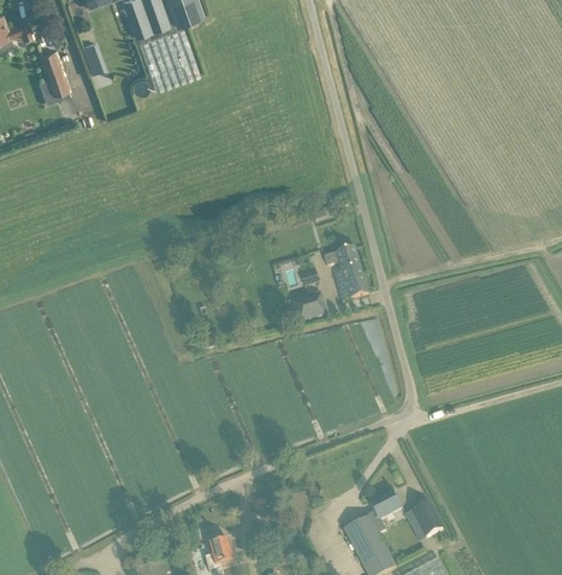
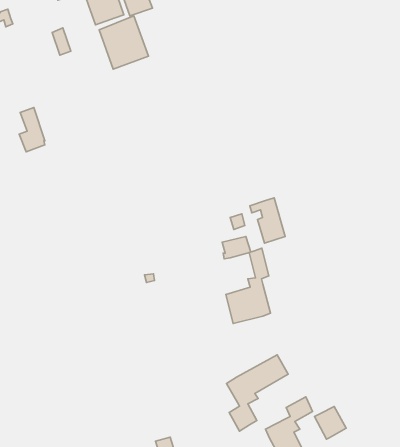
building: [39,47,70,101] -> [19,107,45,152]
building: none -> [226,248,270,324]
building: none -> [226,355,288,431]

